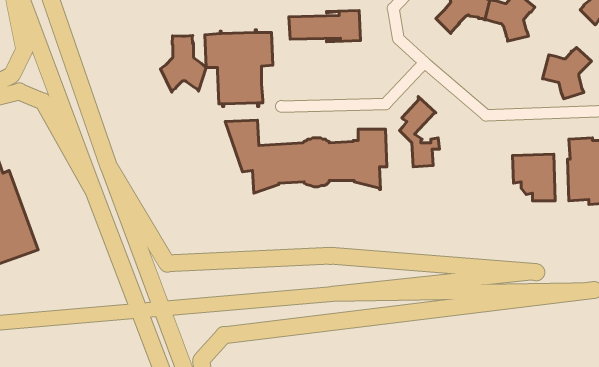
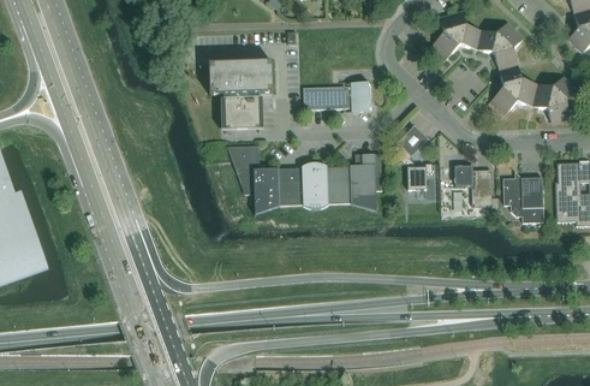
building: [289,10,360,42] -> [303,81,371,111]
building: [161,35,206,92] -> none
building: none -> [487,64,537,117]
building: none -> [454,165,496,212]

